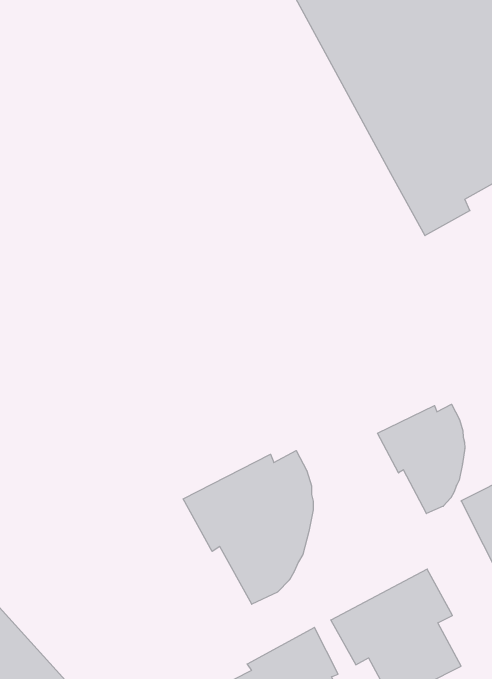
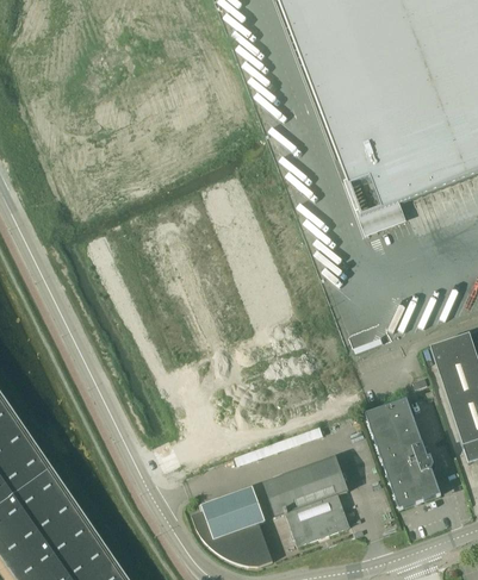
building: [378,404,465,514] -> none
building: [183,451,313,604] -> none

